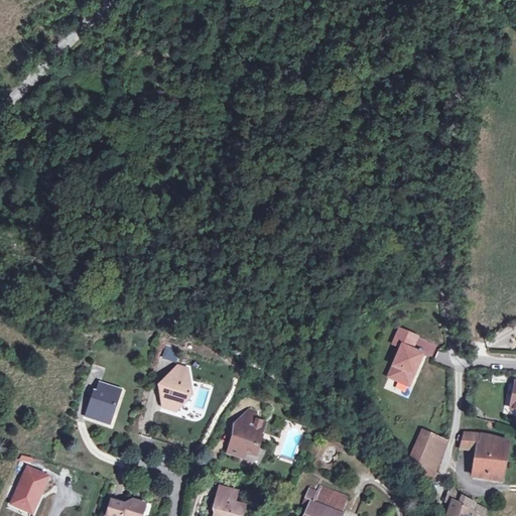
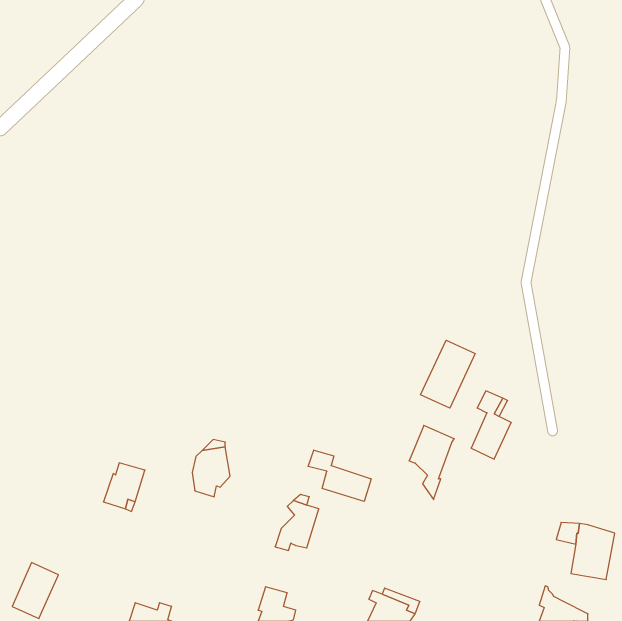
building: none -> [421,340,475,408]
building: none -> [308,450,371,501]
building: [409,430,446,492] -> [409,425,454,500]

